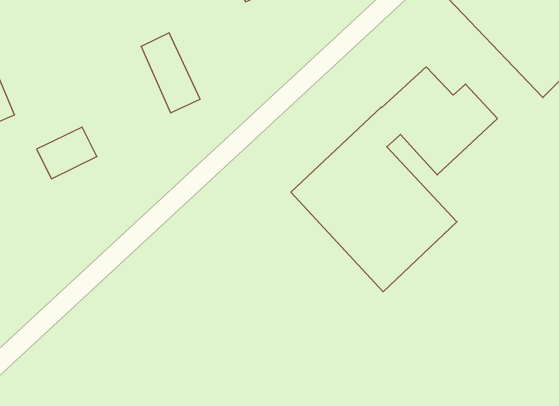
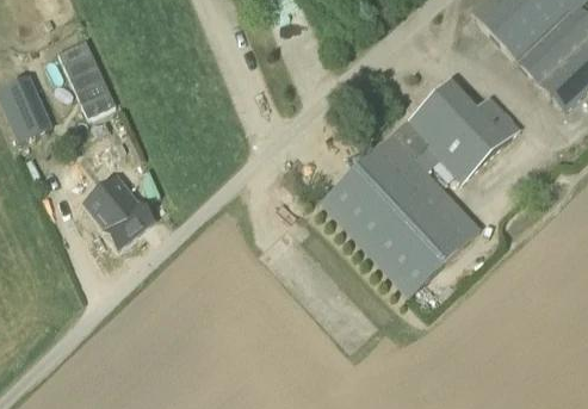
building: [141,33,200,113] -> [57,38,114,116]
building: none -> [89,175,156,246]

